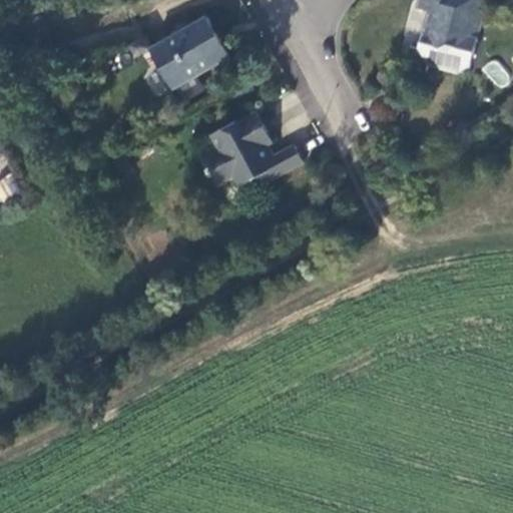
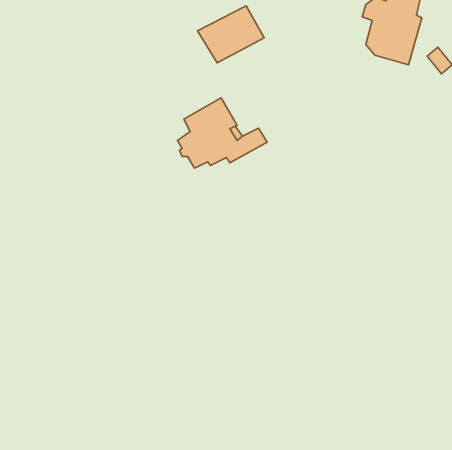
building: [150,21,225,85] -> [197,6,264,63]

